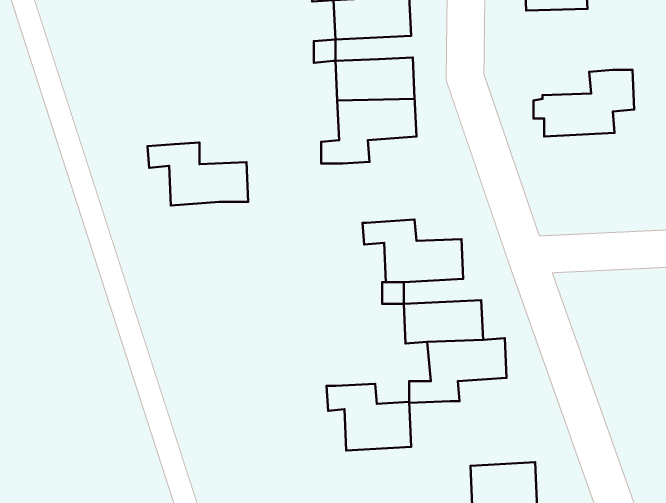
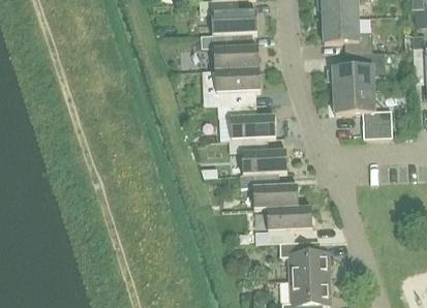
building: none -> [323,14,372,51]
building: none -> [333,86,392,136]
building: [147,143,248,205] -> [217,101,275,137]
building: [326,384,411,450] -> [279,239,328,277]

